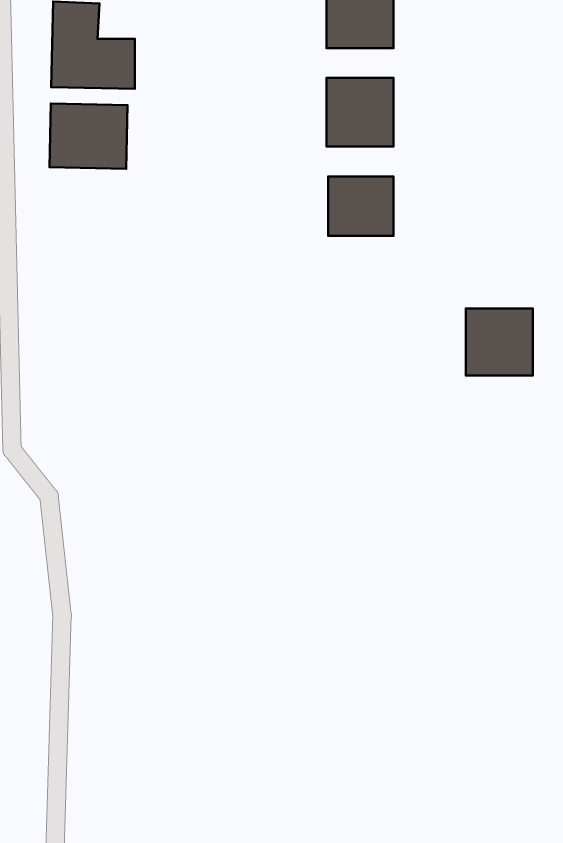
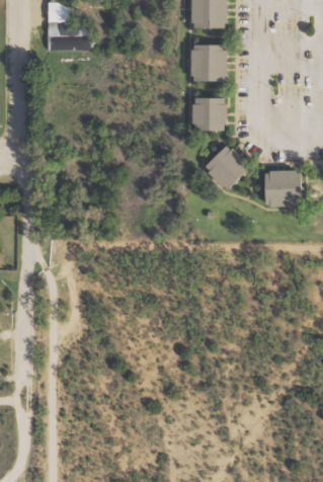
building: [49,103,128,169] -> none
building: none -> [206,145,252,191]

